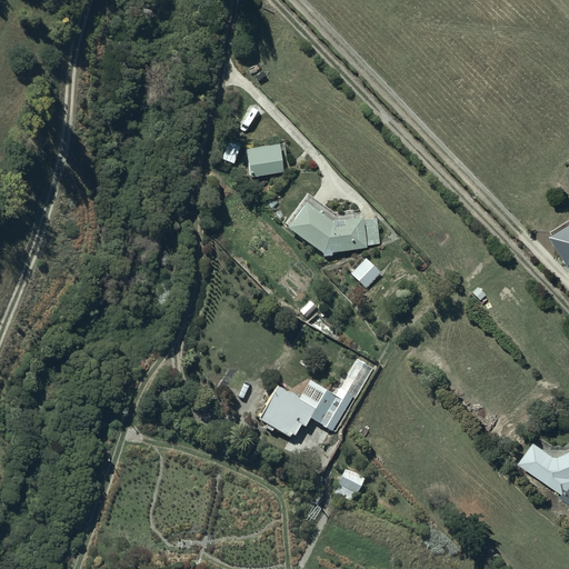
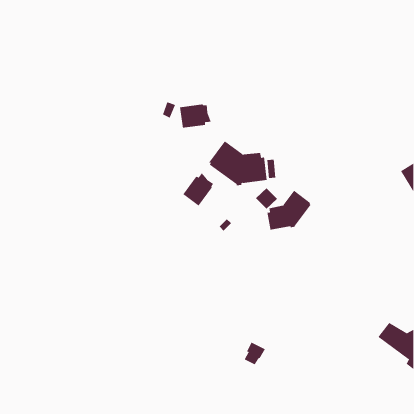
building: none -> [183,172,214,207]
building: none -> [267,190,311,231]
building: [257,359,375,438] -> none

